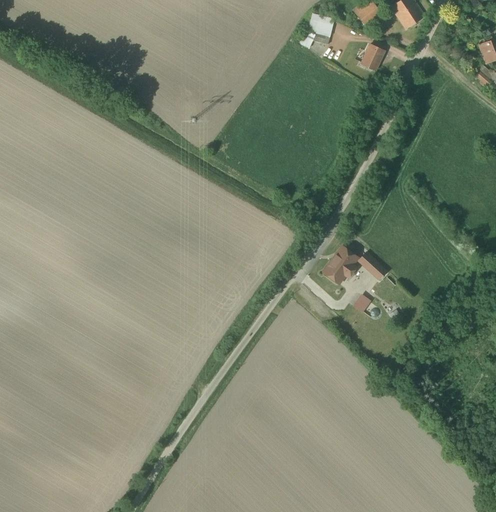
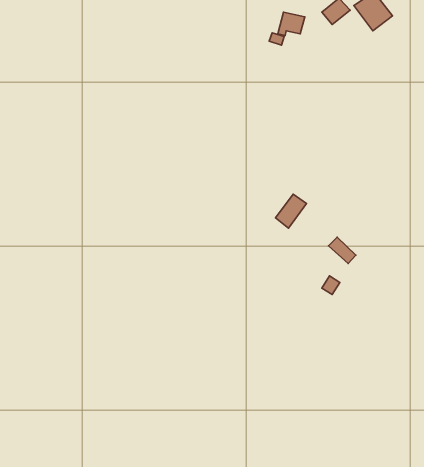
building: [361,43,386,70] -> none
building: [325,247,358,283] -> [275,194,306,228]

